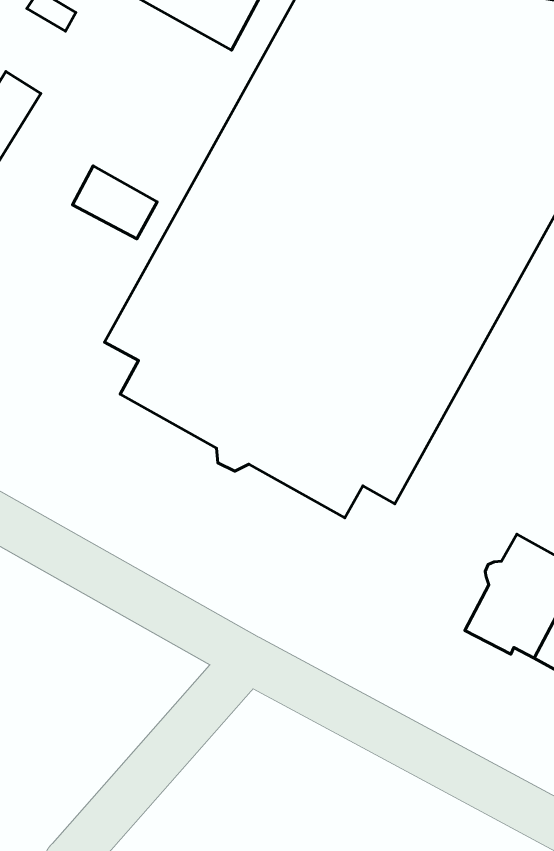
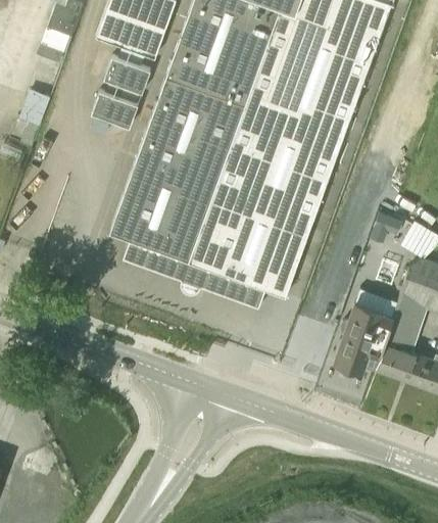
building: none -> [104,54,150,91]
building: [72,166,157,239] -> [91,89,138,126]

